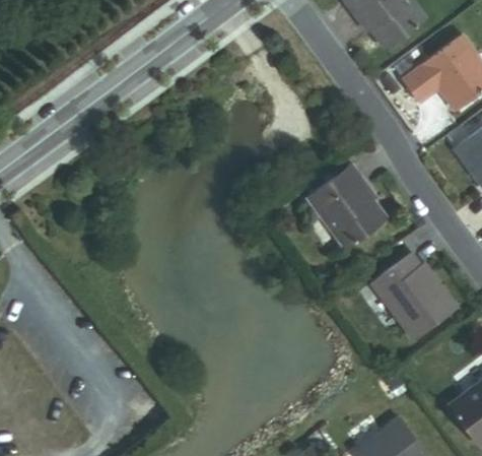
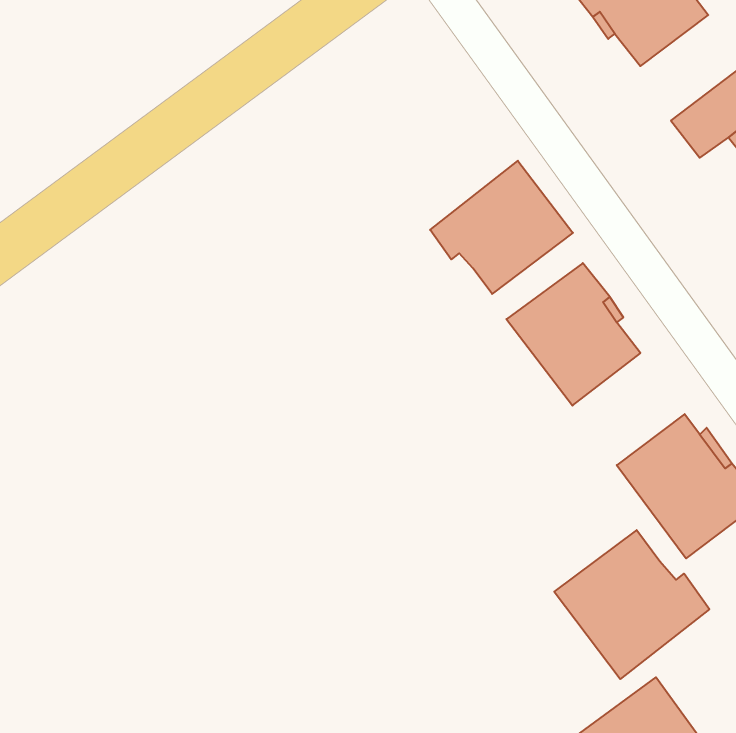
building: none -> [430,161,573,294]
building: none -> [554,530,709,679]

